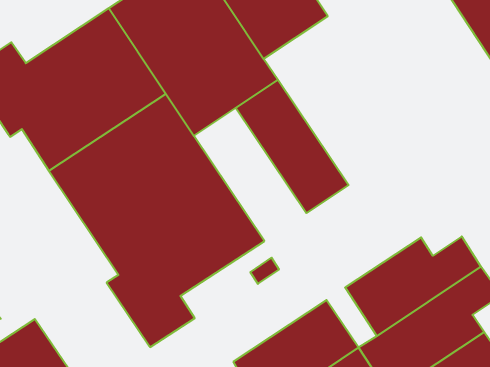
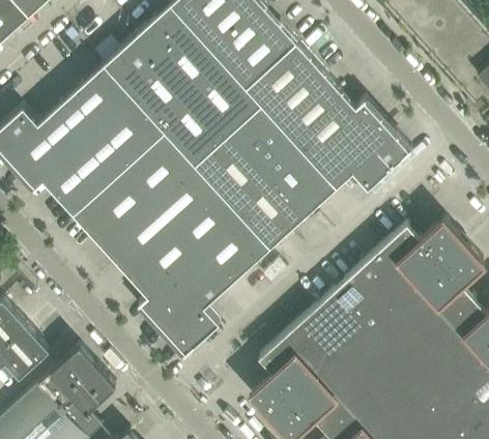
building: none -> [246,45,411,192]
building: none -> [195,137,304,250]
building: none -> [333,280,381,330]

